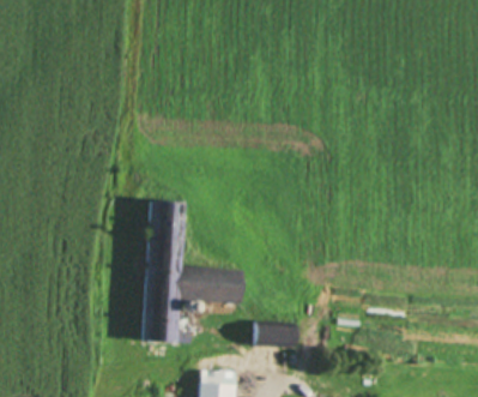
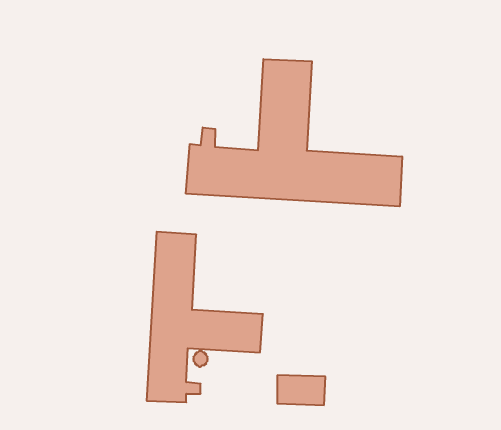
building: none -> [186,59,402,206]

